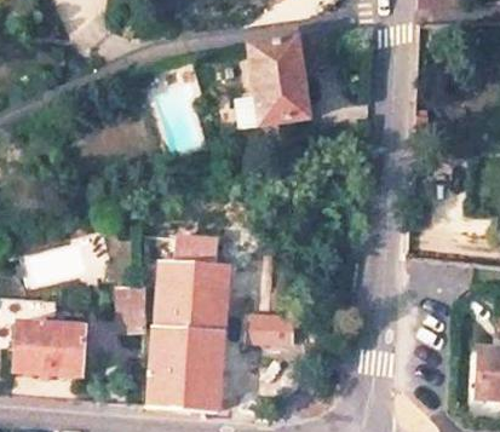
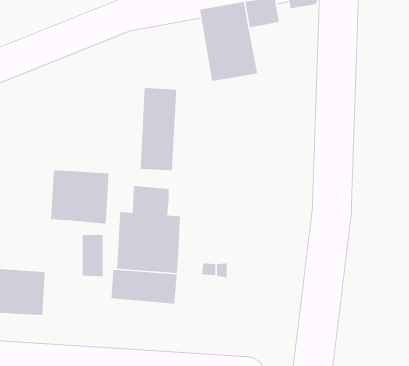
building: none -> [140,87,177,171]
building: none -> [50,169,110,225]
building: [148,356,220,411] -> none

